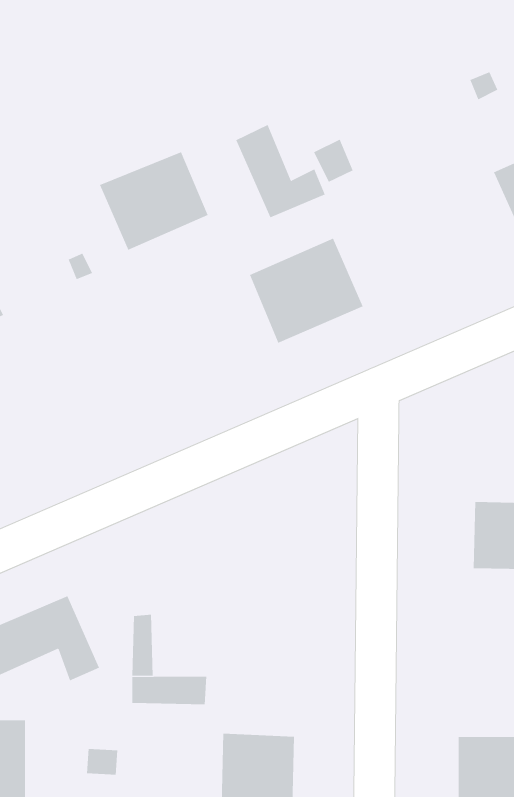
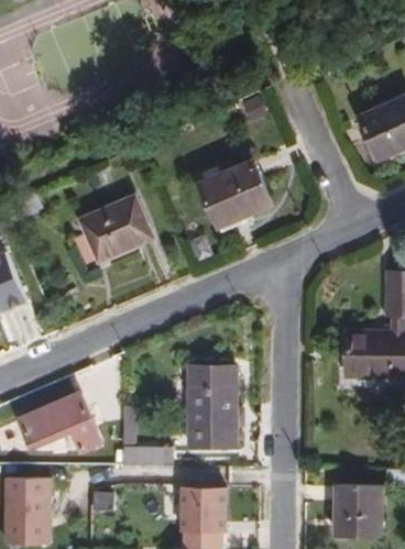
building: [236,124,326,218] -> none
building: [99,151,209,250] -> [79,198,151,263]
building: none -> [187,369,236,447]

